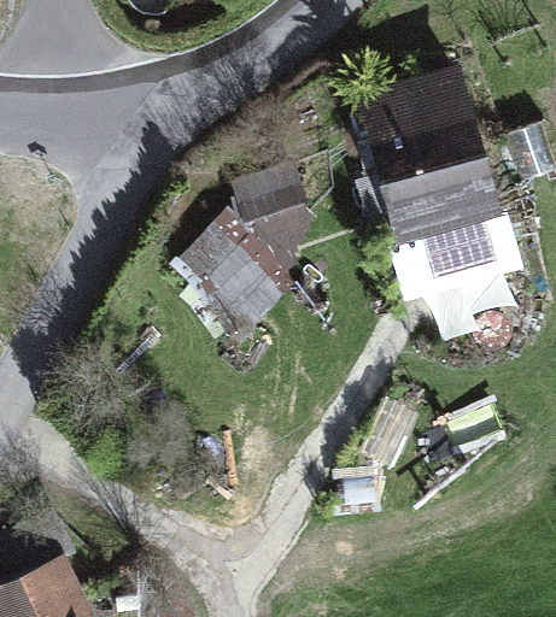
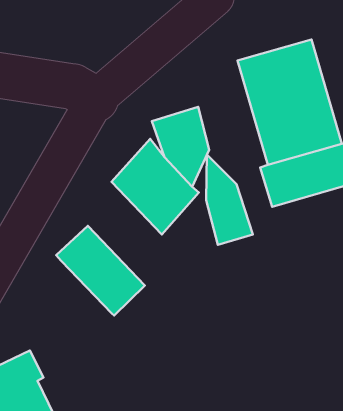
building: none -> [206,155,253,245]
building: none -> [56,226,145,316]

